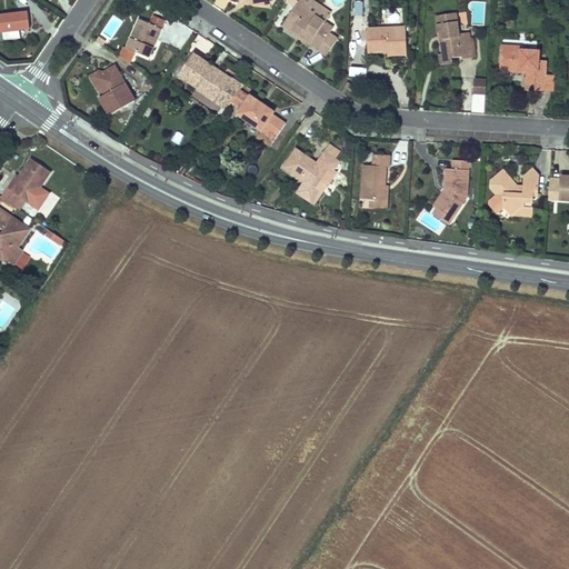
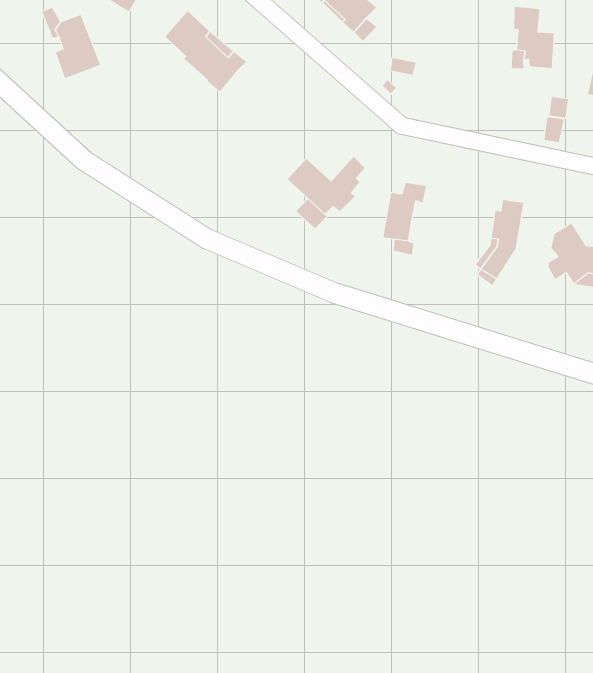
building: [368,26,407,51] -> none
building: [231,89,287,139] -> none

